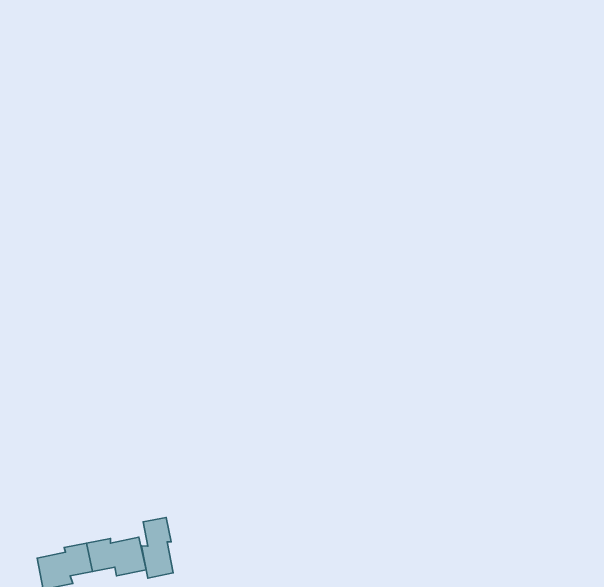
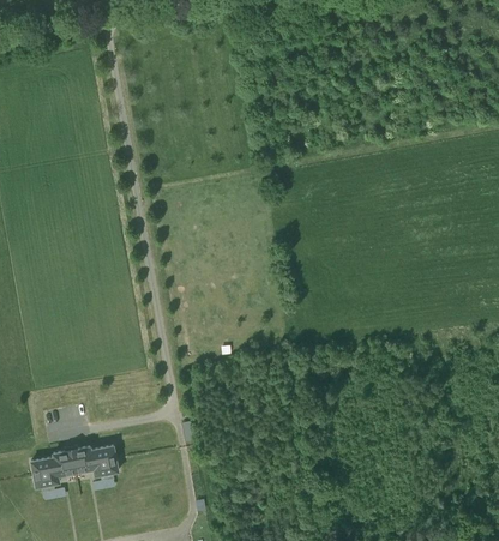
building: [141,517,173,578] -> none

